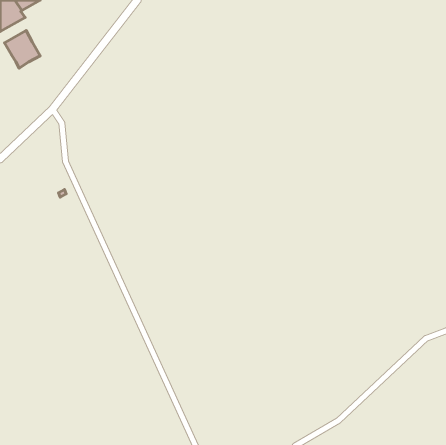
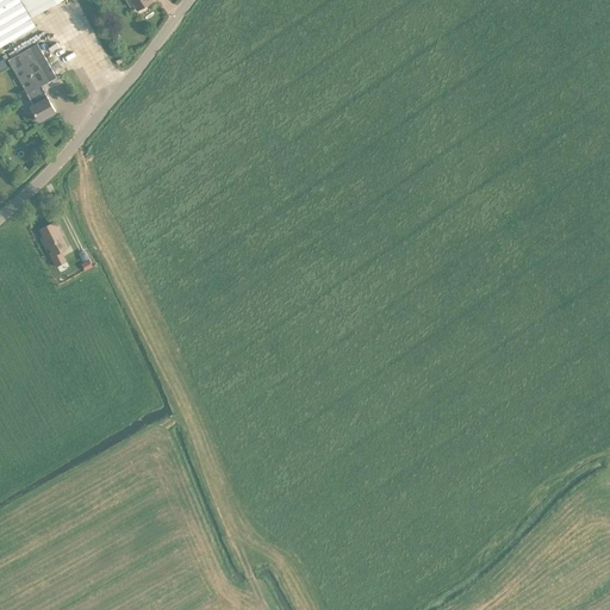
building: none -> [26,86,54,120]
building: none -> [38,222,67,267]

